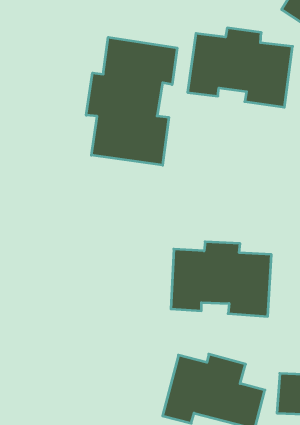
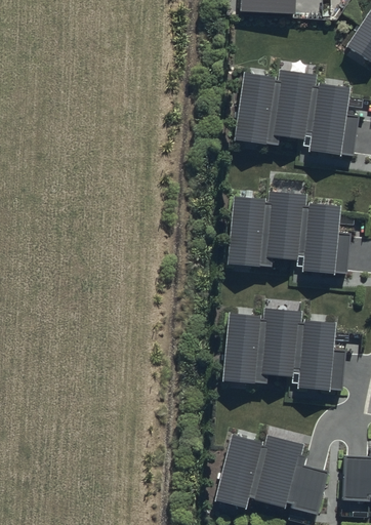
building: [86,37,177,165] -> none
building: none -> [228,190,342,276]

